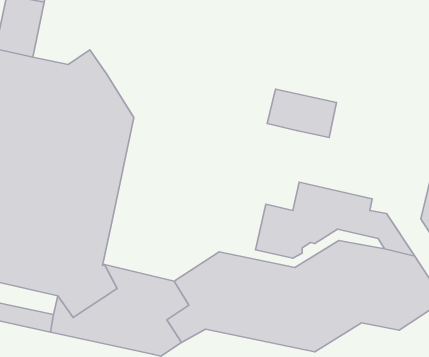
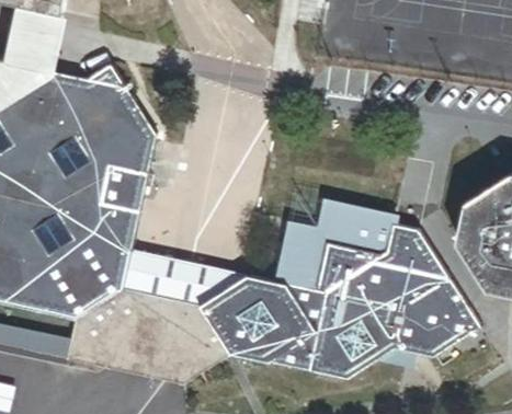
building: [267,89,337,138] -> none
building: none -> [120,248,417,304]

